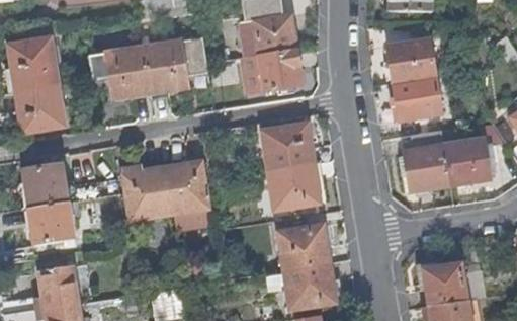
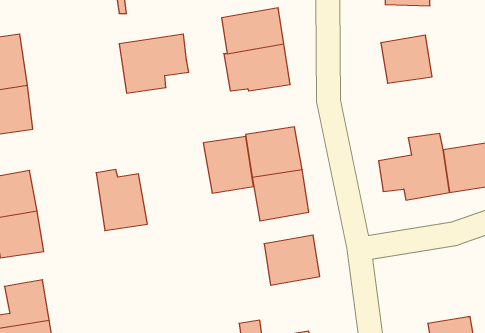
building: [88,47,151,98] -> none
building: [393,77,440,121] -> none
building: [162,161,208,214] -> [203,136,253,193]
building: [417,261,467,306] -> none
building: [265,262,342,309] -> none

